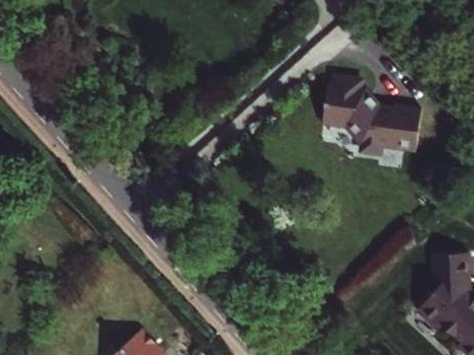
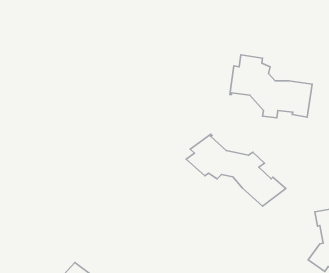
building: none -> [186,134,286,206]

